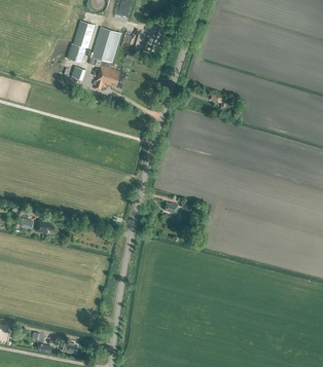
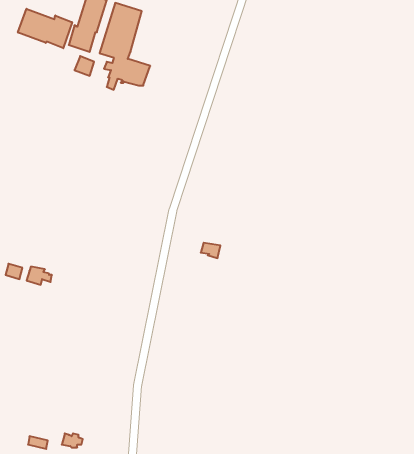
building: none -> [18,9,72,48]

